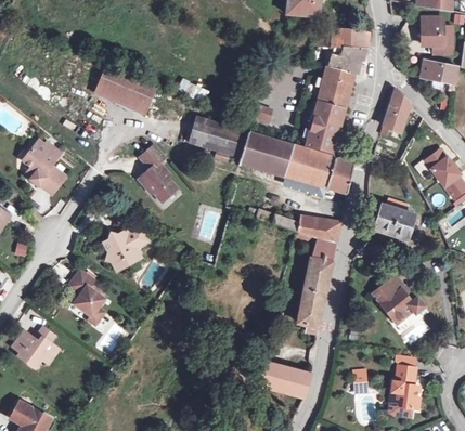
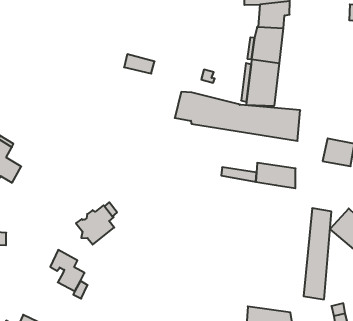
building: [94,69,153,110] -> none
building: [378,92,406,135] -> none
building: [185,116,234,152] -> none
building: [144,146,180,200] -> none
building: [295,237,337,334] -> [304,208,331,299]

